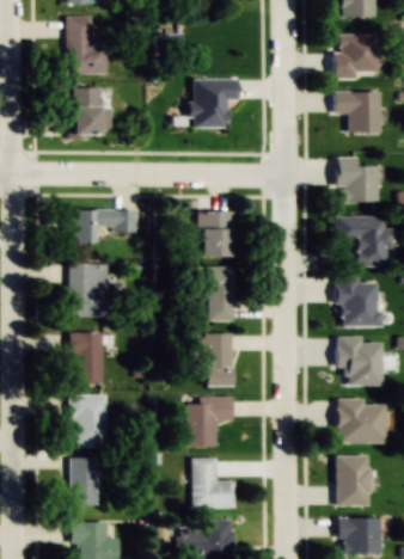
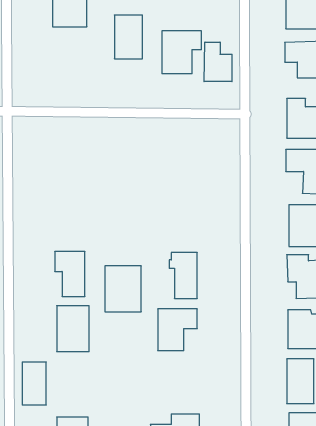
building: [69,87,102,137] -> [114,15,142,59]
building: none -> [204,42,232,82]
building: [69,209,135,242] -> none
building: [200,211,233,257] -> none
building: [69,264,111,317] -> [105,266,141,312]
building: [196,266,233,320] -> none
building: [71,457,98,506] -> [22,362,46,405]
building: [192,457,235,508] -> none

